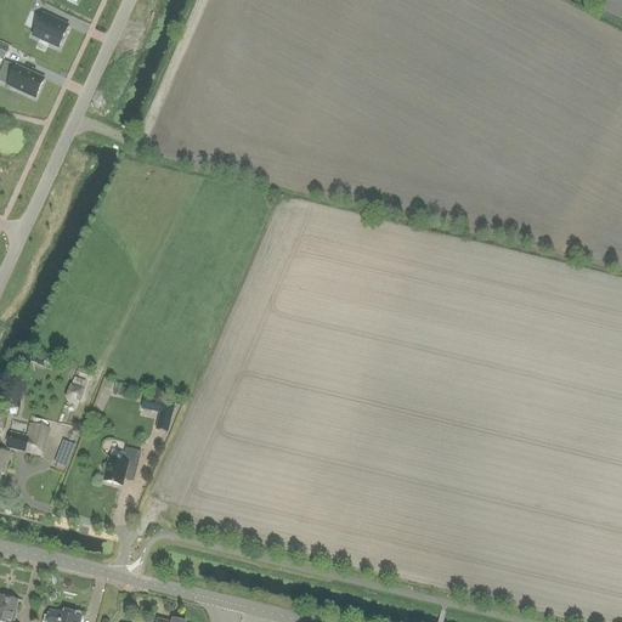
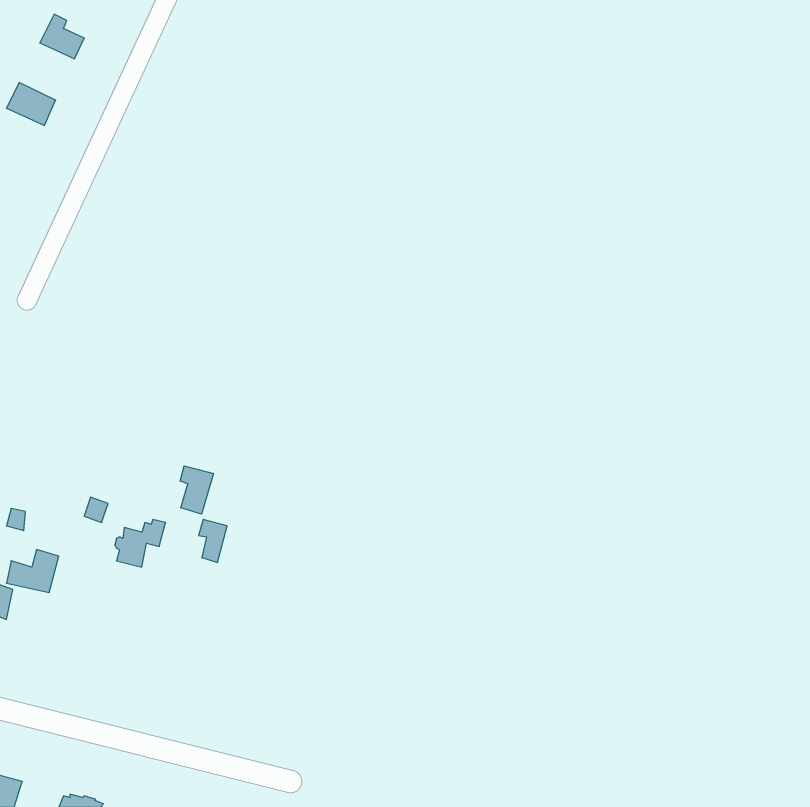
building: none -> [180,466,213,514]
building: [101,447,140,484] -> [115,519,166,567]

